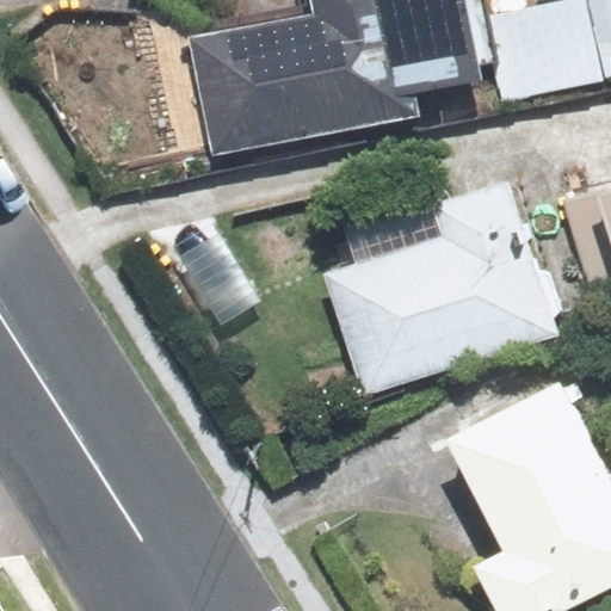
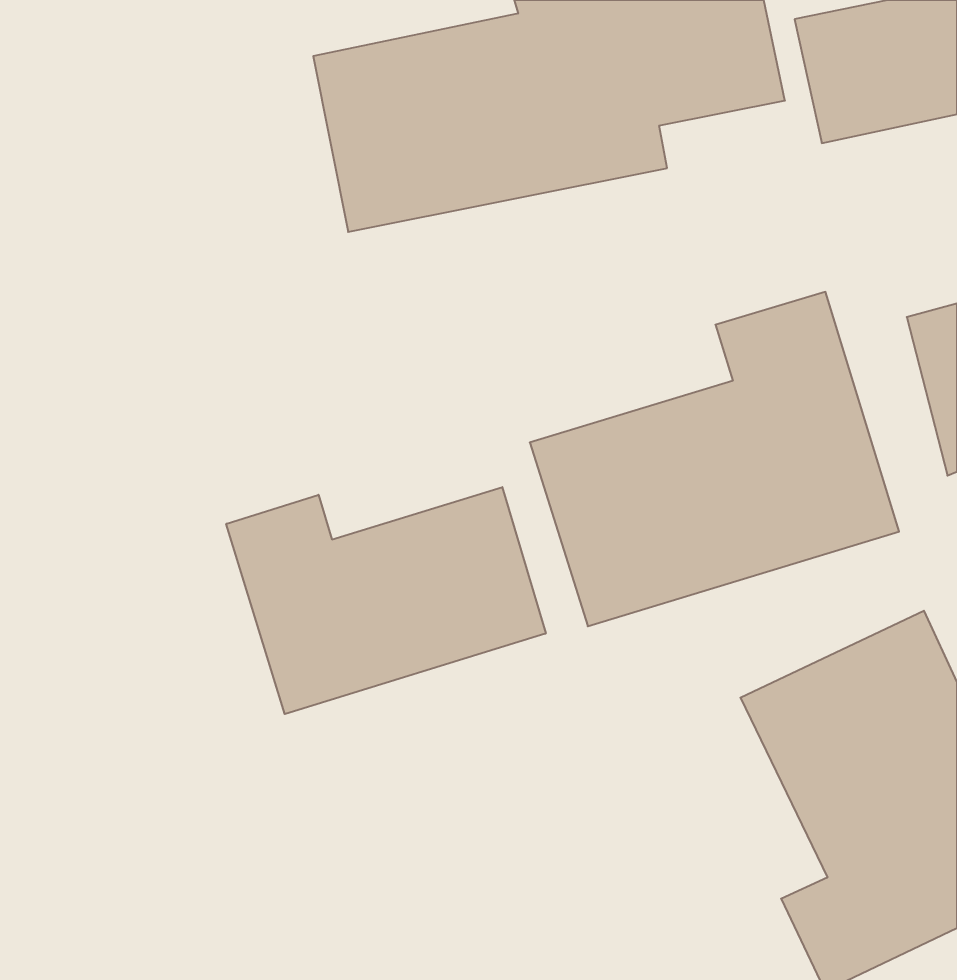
building: none -> [226,487,546,714]

